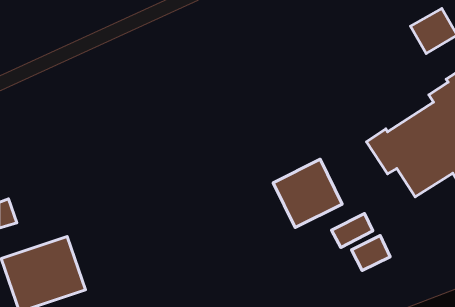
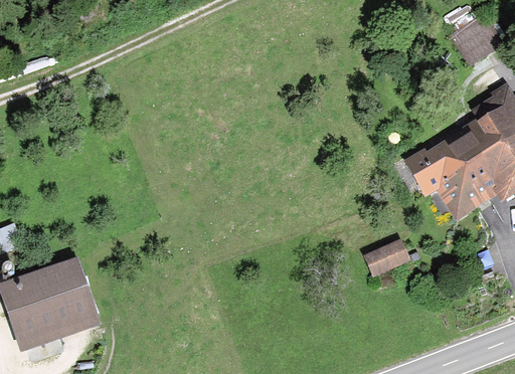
building: [273,159,342,228] -> none
building: [352,236,390,270] -> none

